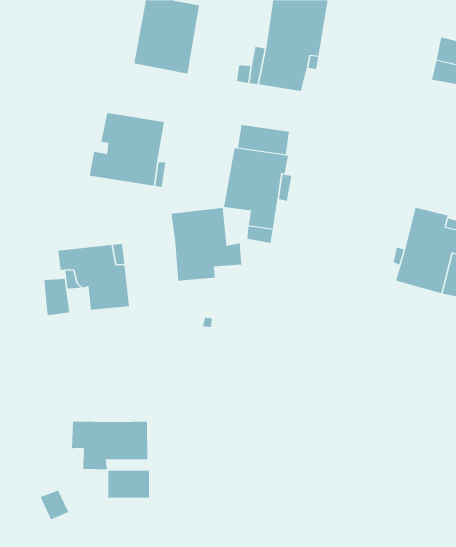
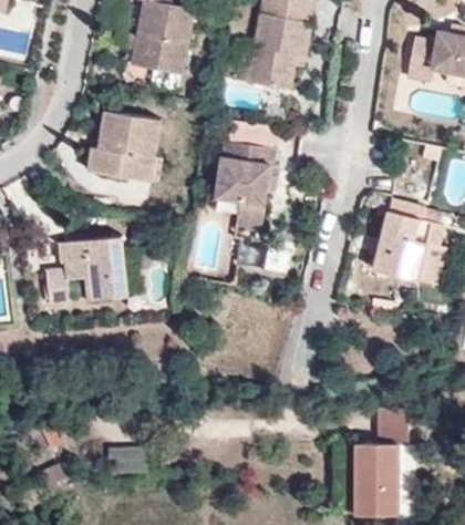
building: [171,207,242,281] -> none
building: [71,421,148,470] -> none
building: none -> [355,408,409,516]

